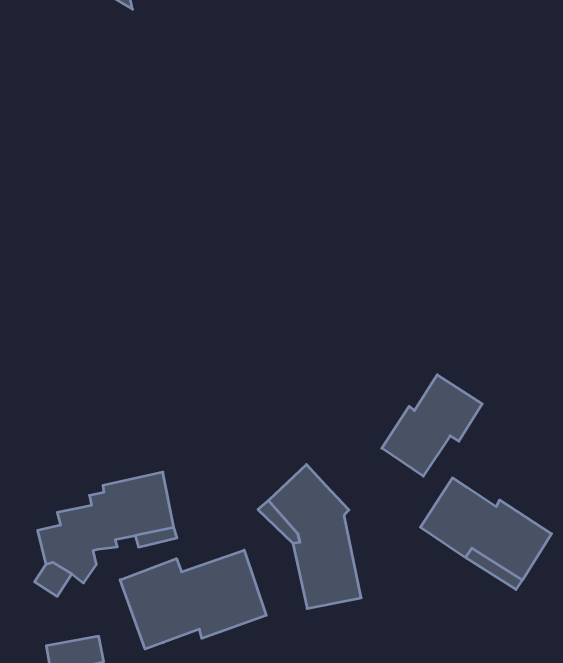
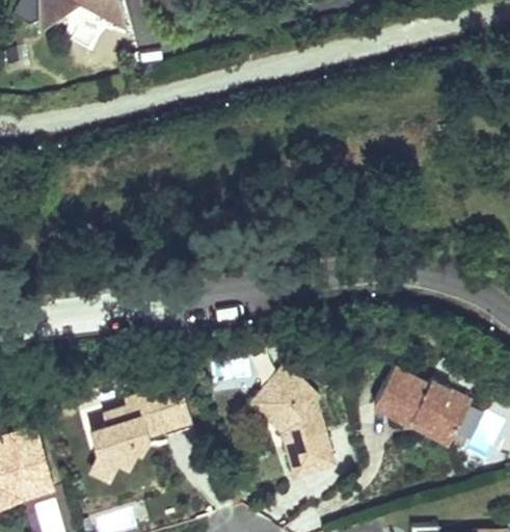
building: [382,375,482,476] -> none
building: [120,550,266,649] -> none

